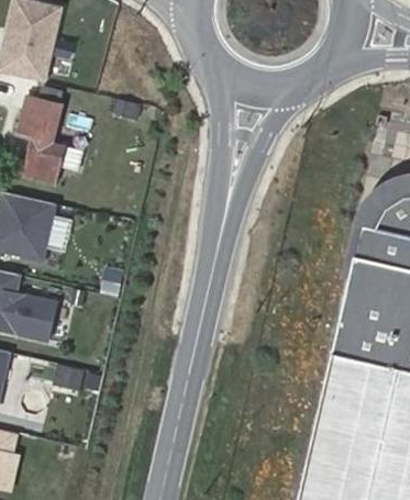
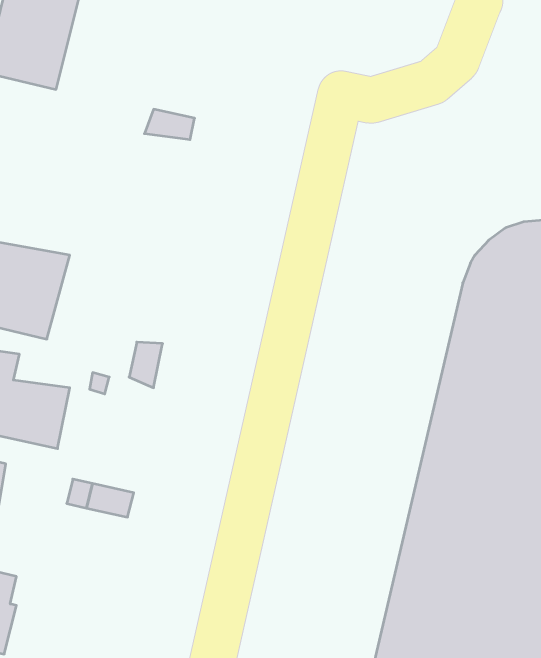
building: [15,95,65,184] -> none

